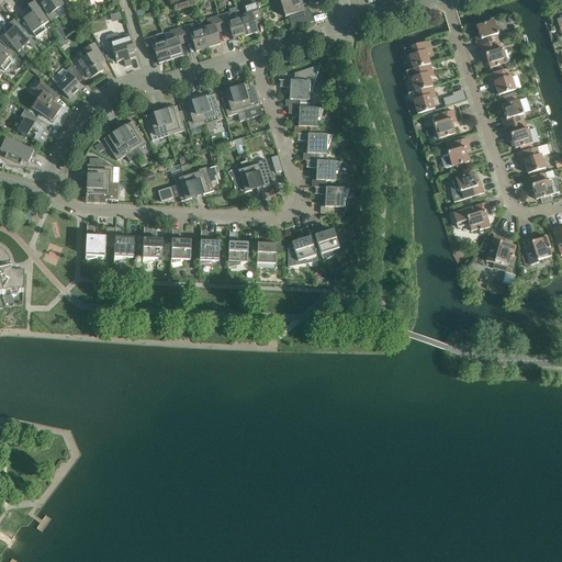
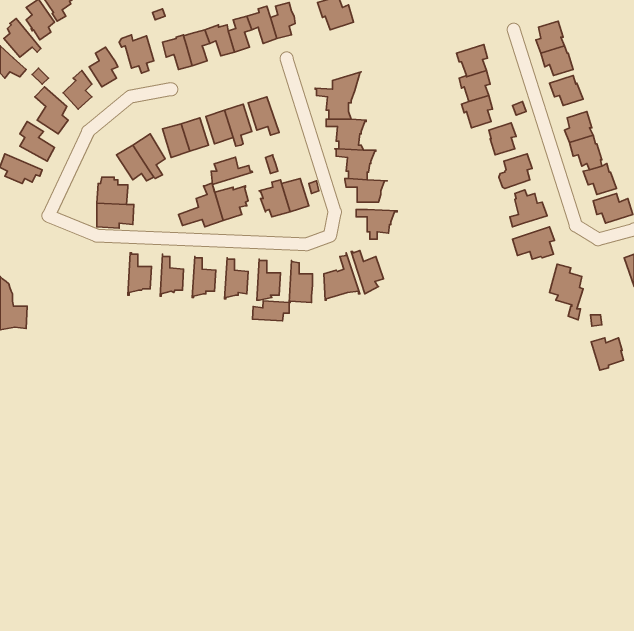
building: [236,80,262,117] -> none
building: none -> [211,157,252,185]
building: [85,223,114,260] -> none
building: [522,235,551,263] -> [591,338,623,370]
building: none -> [253,301,289,321]

